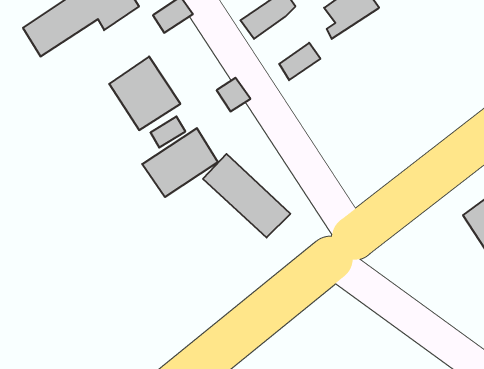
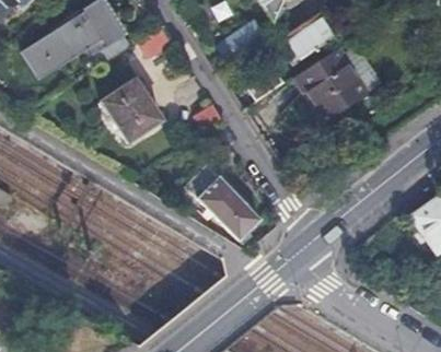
building: none -> [295,49,369,120]
building: [142,128,218,197] -> none

